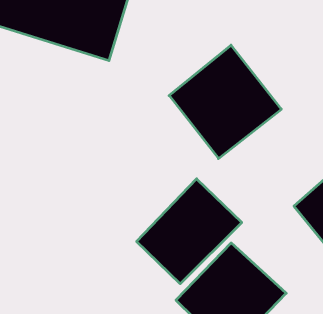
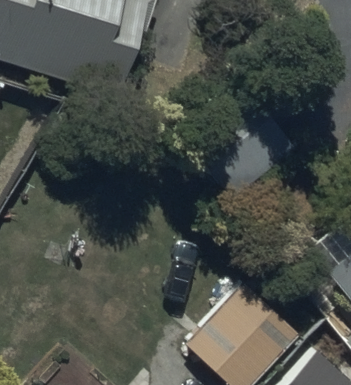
building: [137,179,242,284] -> none

